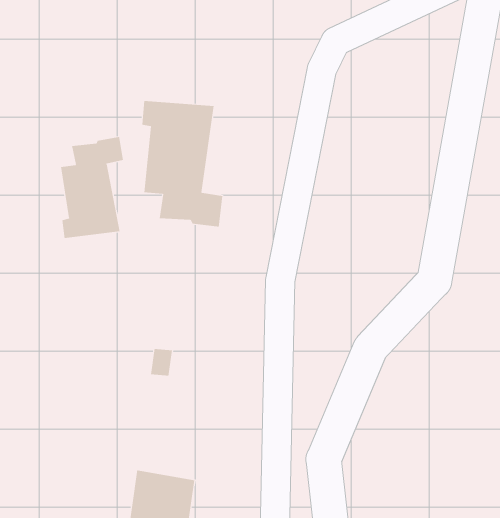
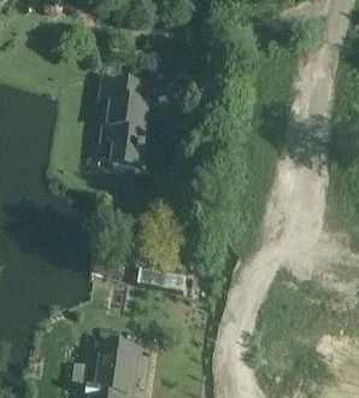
building: [60,136,123,239] -> none

